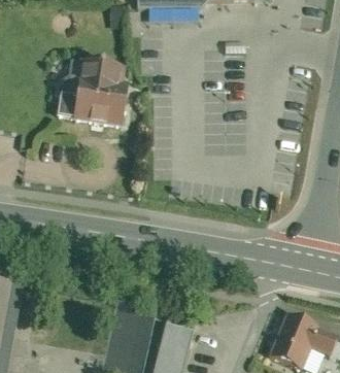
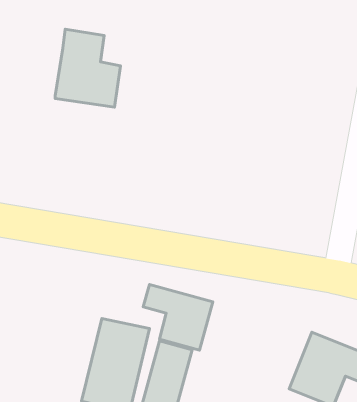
building: [59,75,81,117] -> none
building: none -> [143,285,213,350]

